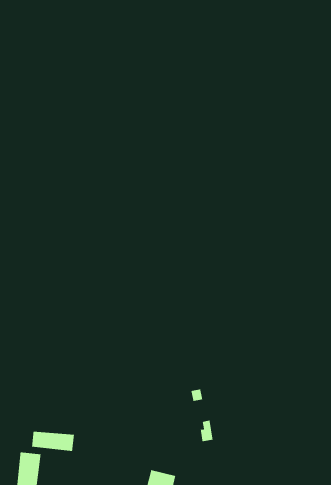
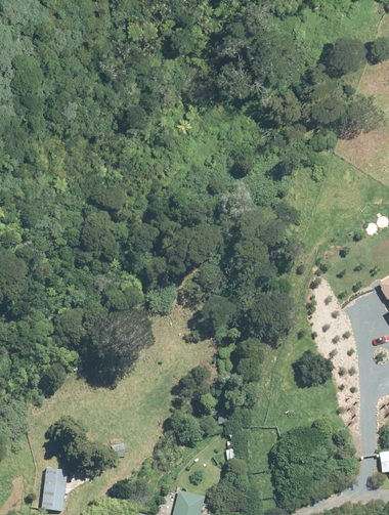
building: [31,431,75,452] -> none

